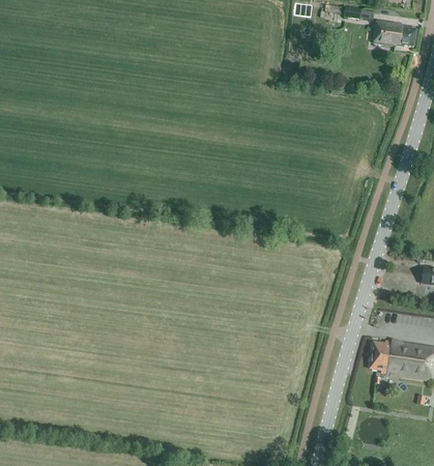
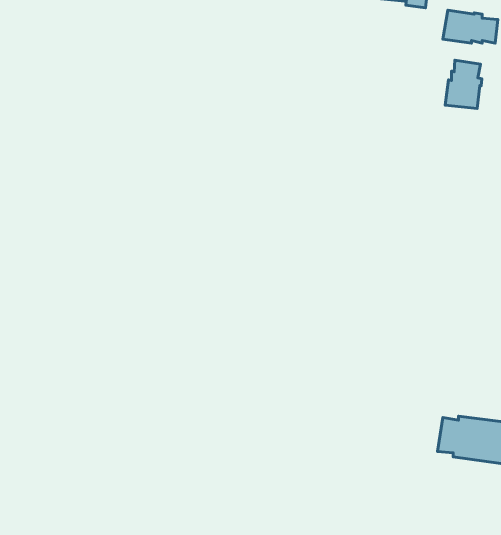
building: none -> [445,60,482,108]

